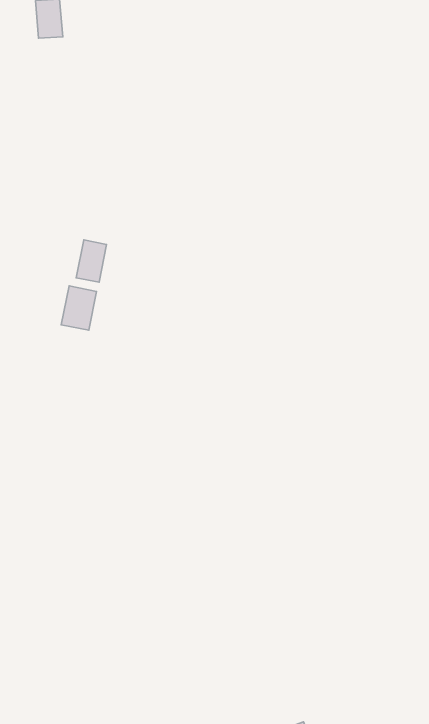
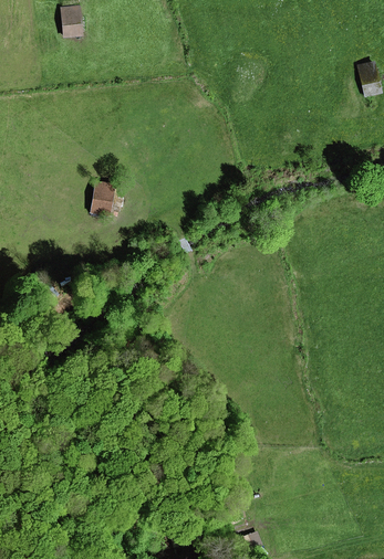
building: [61,286,97,330] -> none

